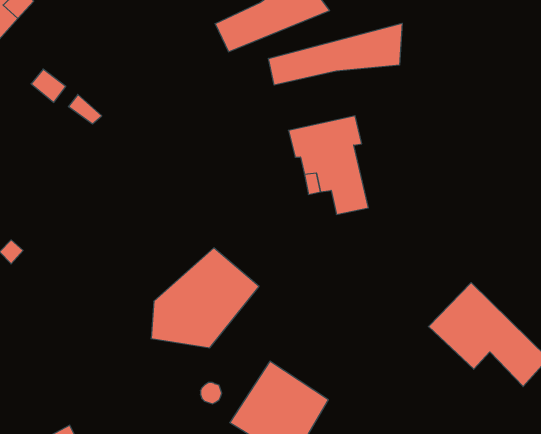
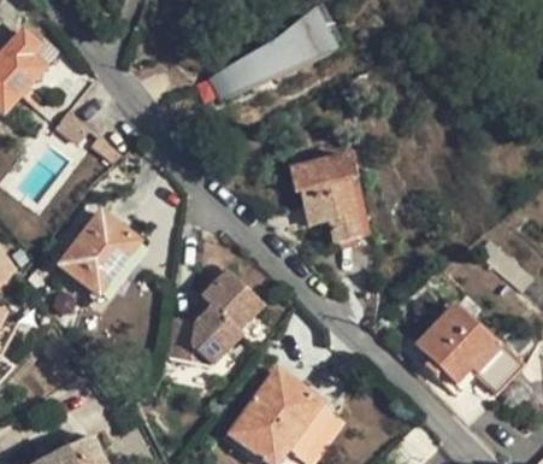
building: [268,23,402,85] -> none
building: none -> [63,216,137,287]

